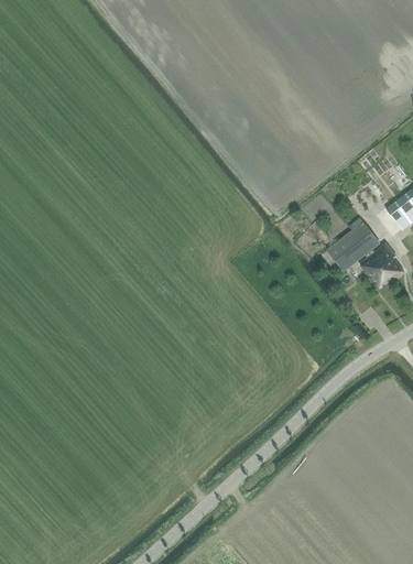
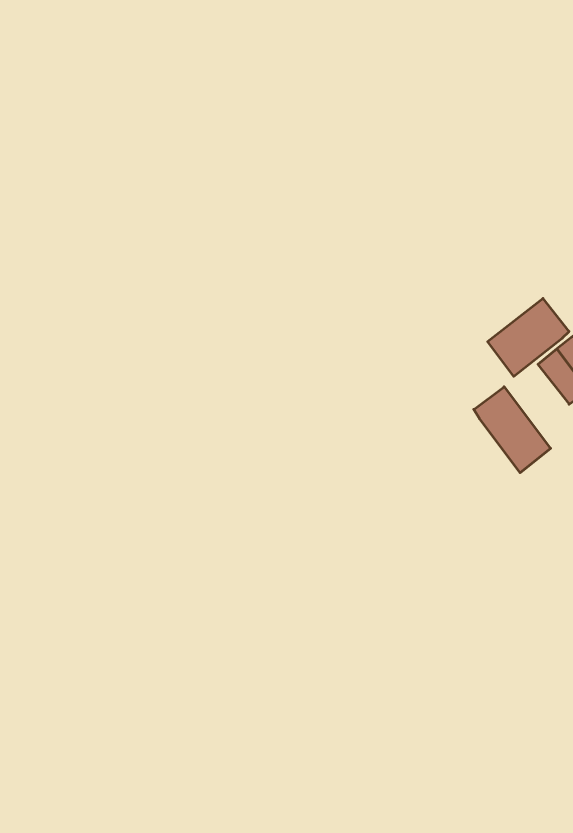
building: none -> [474,387,551,473]

